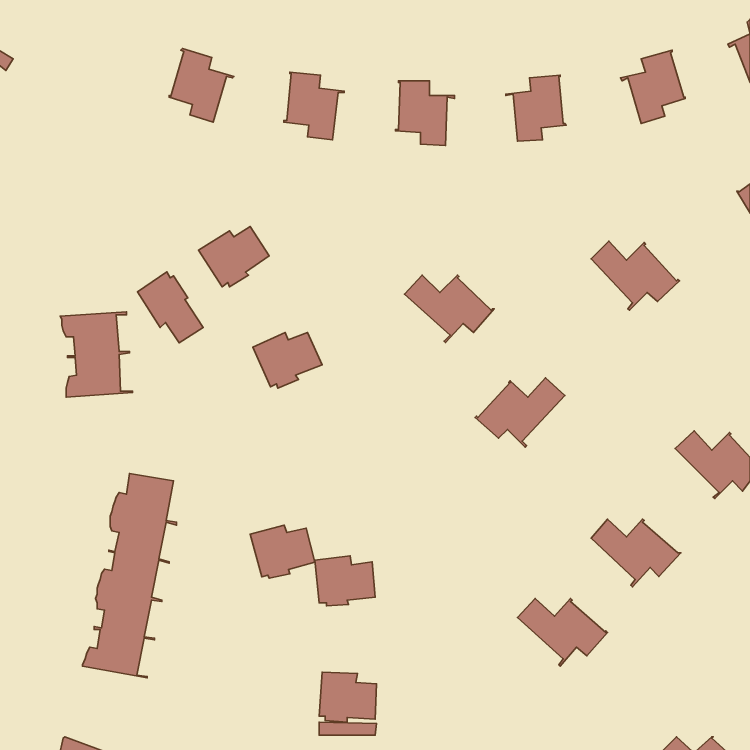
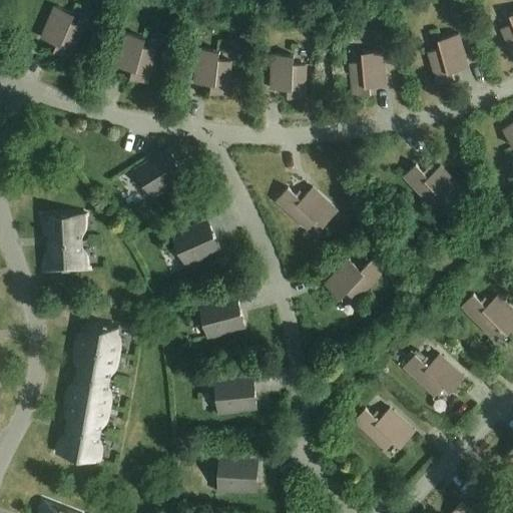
building: none -> [40,7,86,59]
building: [138,272,203,343] -> none
building: [250,525,315,578] -> [199,302,243,338]

